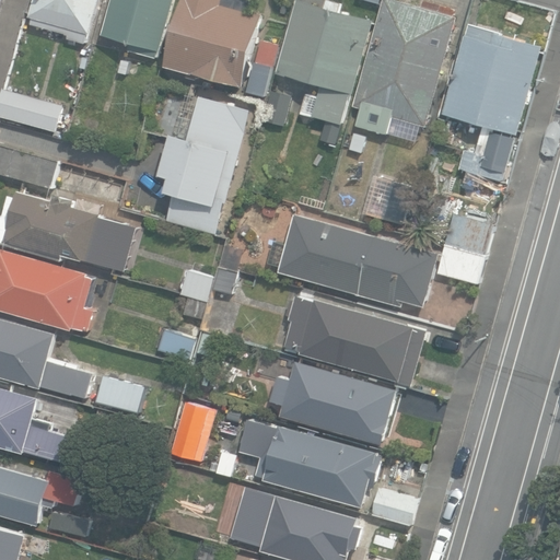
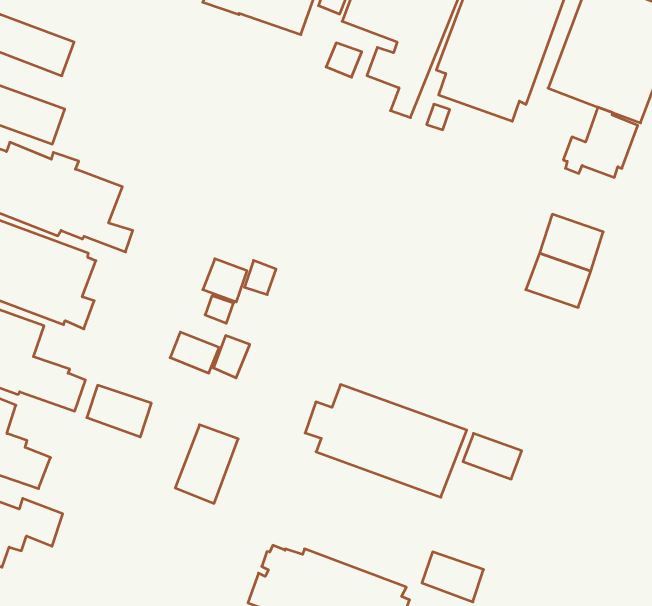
building: [158,95,248,235] -> none
building: [265,213,436,307] -> none
building: [283,296,425,386] -> none
building: [241,419,382,506] -> none

